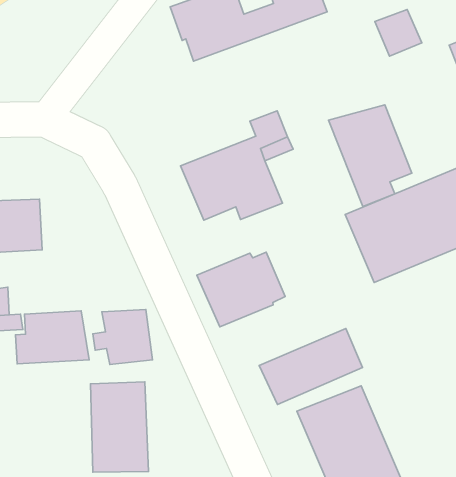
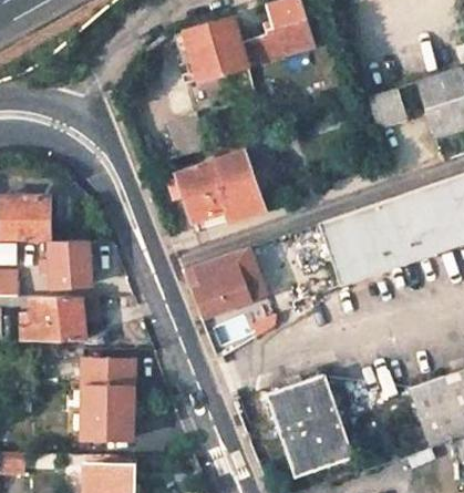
building: [375,10,422,56] -> [367,89,406,129]
building: [329,105,412,207] -> none
building: [93,309,153,365] -> [42,240,93,287]
building: [259,329,363,405] -> none

